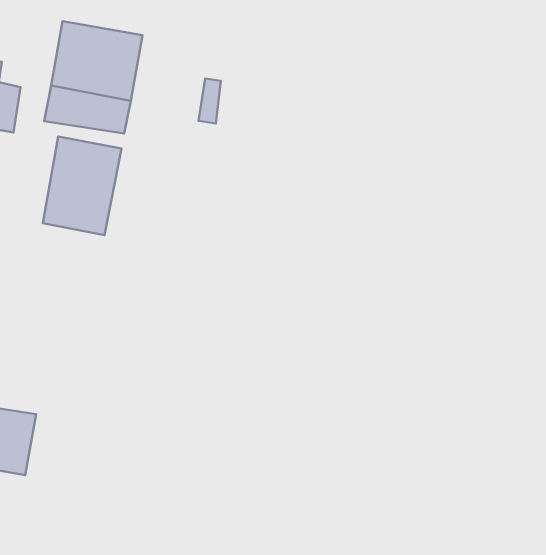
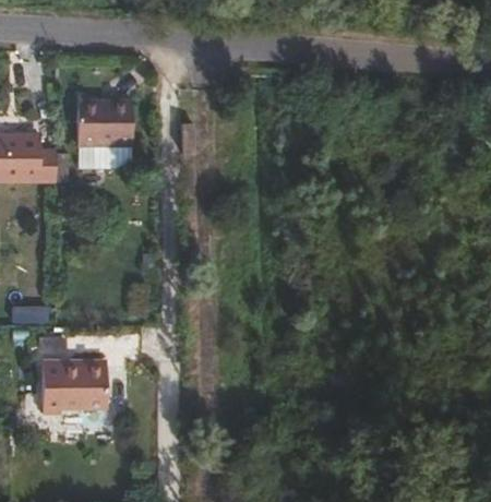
building: [43,136,121,235] -> none

